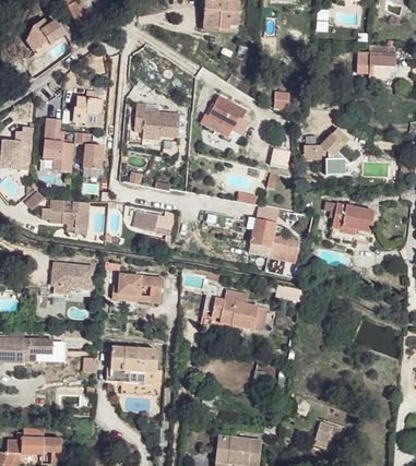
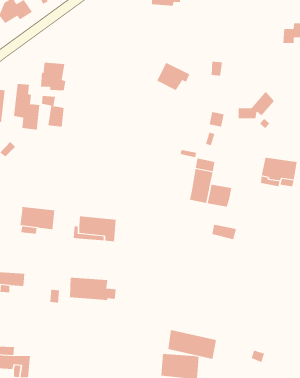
building: [132,104,178,139] -> none
building: [43,196,91,225] -> none
building: [133,211,171,235] -> none
building: [207,297,265,332] -> [167,330,217,359]

